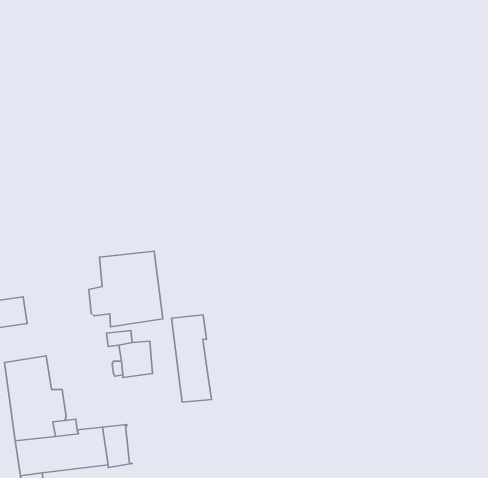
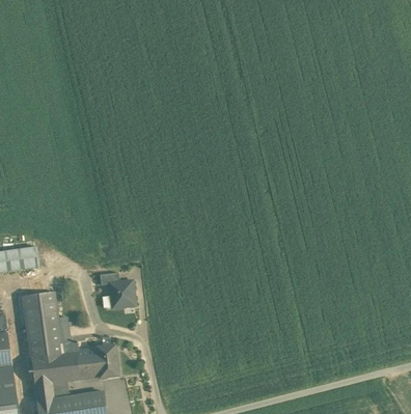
building: [89,251,163,327] -> none
building: [172,315,211,402] -> none

